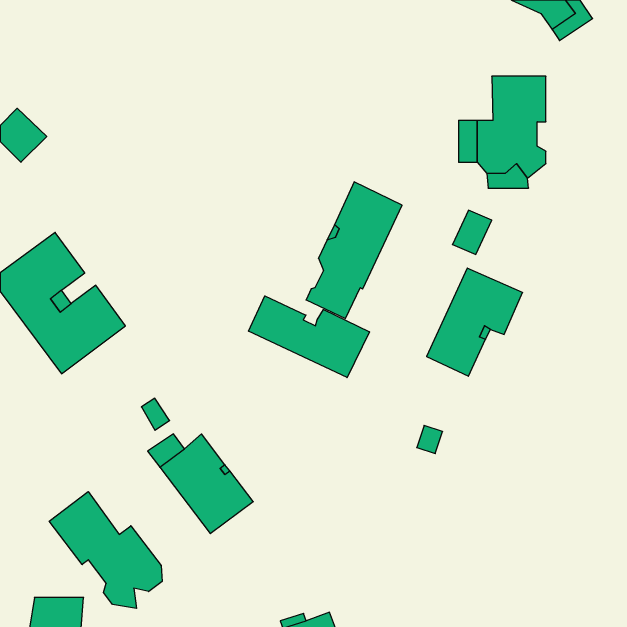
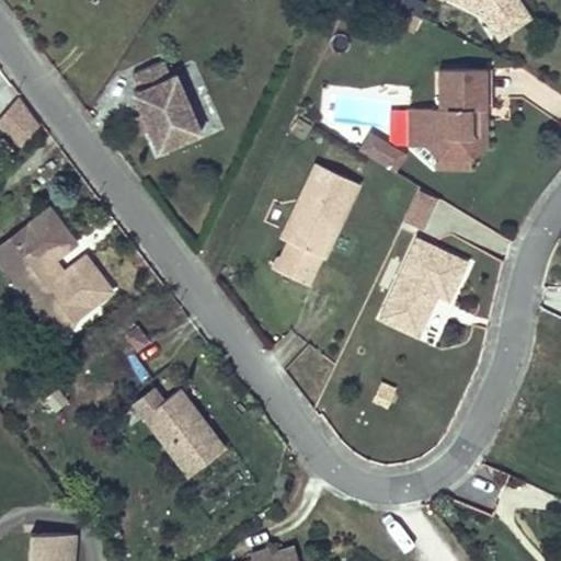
building: none -> [134,60,203,151]
building: [249,296,369,378] -> none
building: [49,492,162,608] -> none

